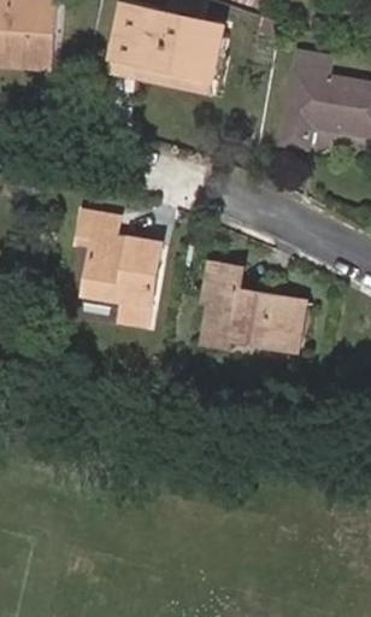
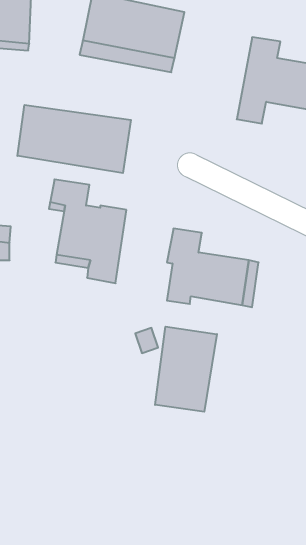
building: none -> [17,105,131,173]
building: none -> [155,327,217,412]

